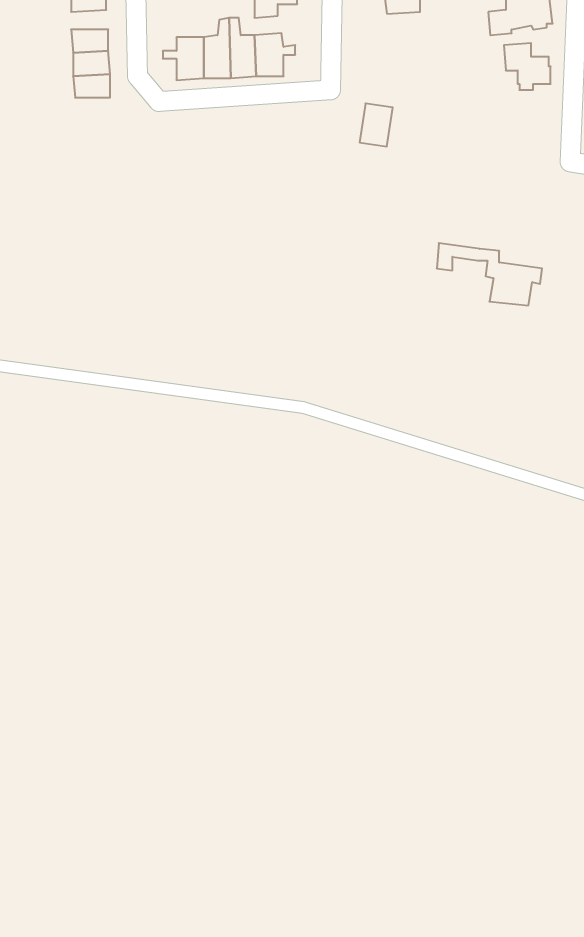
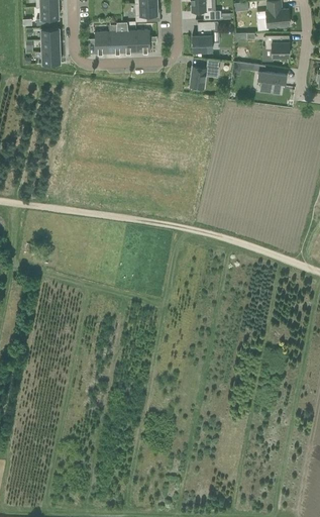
building: none -> [192,20,215,50]
building: [437,243,542,305] -> [232,61,287,93]

